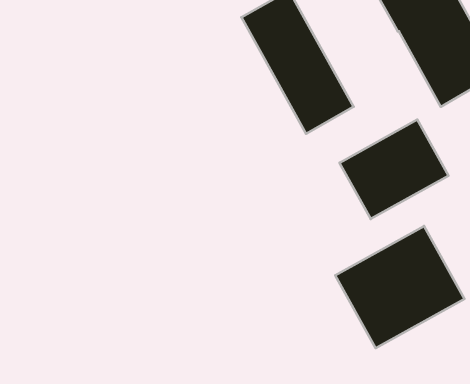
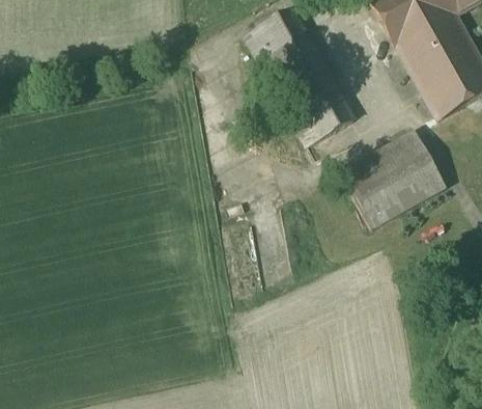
building: [335,226,464,348] -> none

